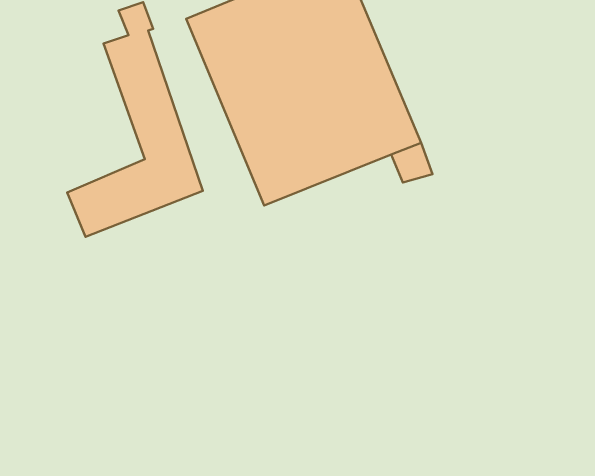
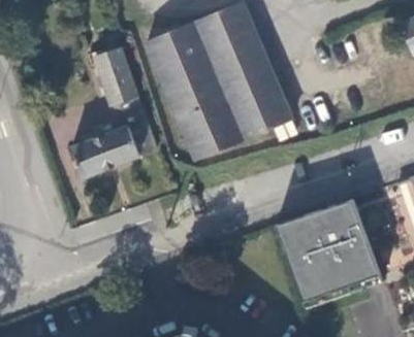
building: none -> [278,199,386,306]

